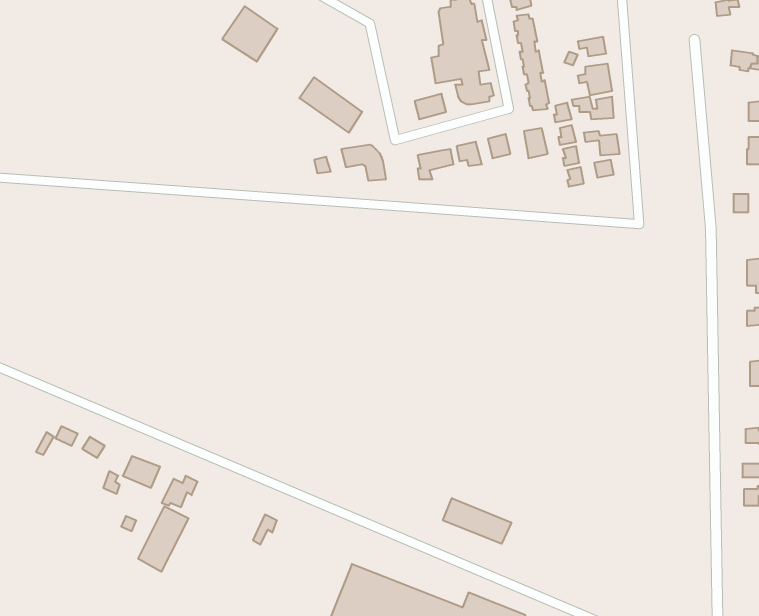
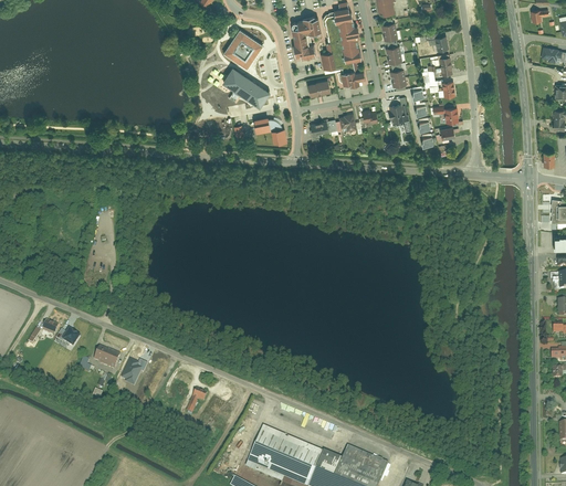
building: [222,6,278,62] -> [222,27,263,67]
building: none -> [291,17,321,60]
building: [443,498,511,544] -> none
building: [138,506,189,572] -> none

